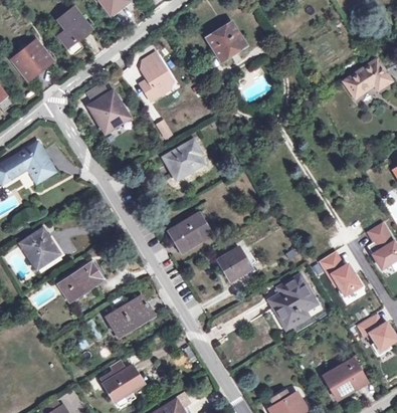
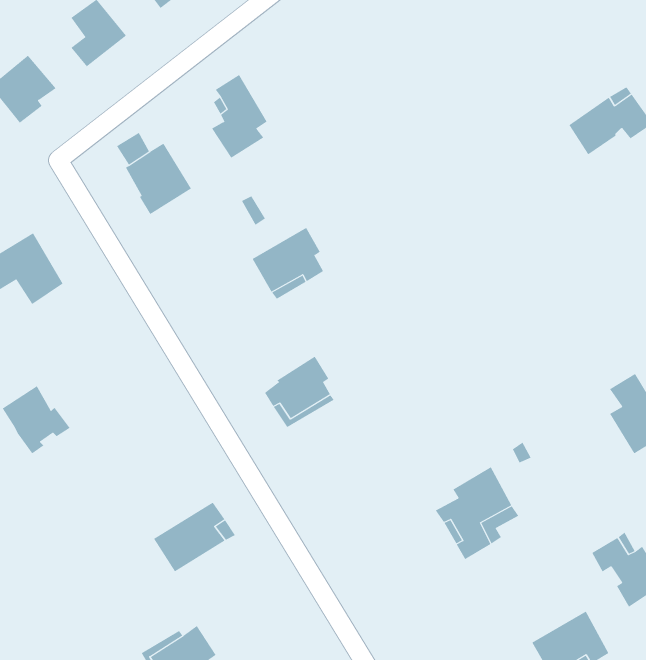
building: [207,22,245,59] -> none
building: [217,246,251,278] -> none
building: [320,251,361,294] -> none
building: [60,261,104,299] -> none

